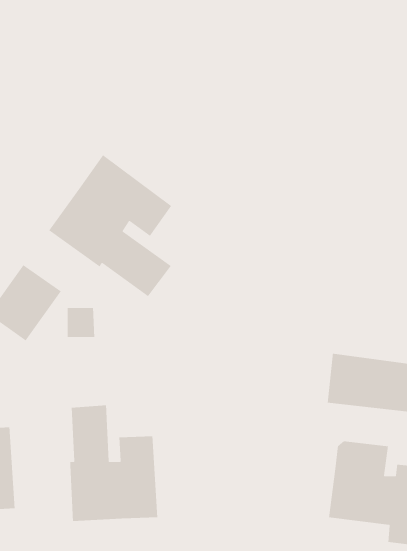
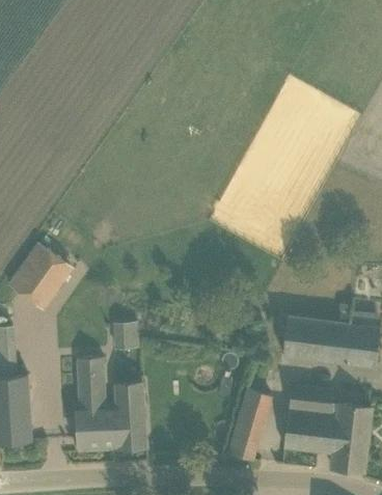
building: [48,154,172,297] -> none
building: [67,307,95,338] -> [114,324,137,349]
building: none -> [225,387,274,461]

